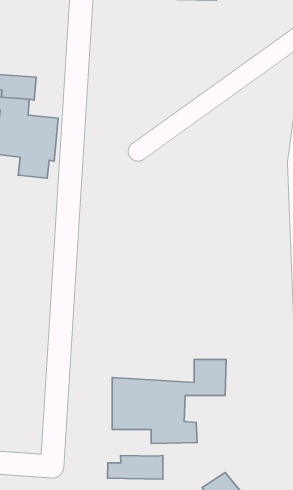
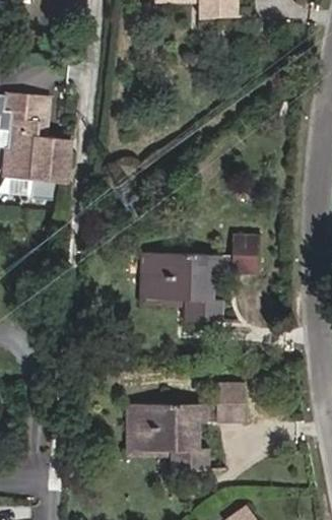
building: none -> [138,231,254,316]
building: [108,455,163,479] -> none

